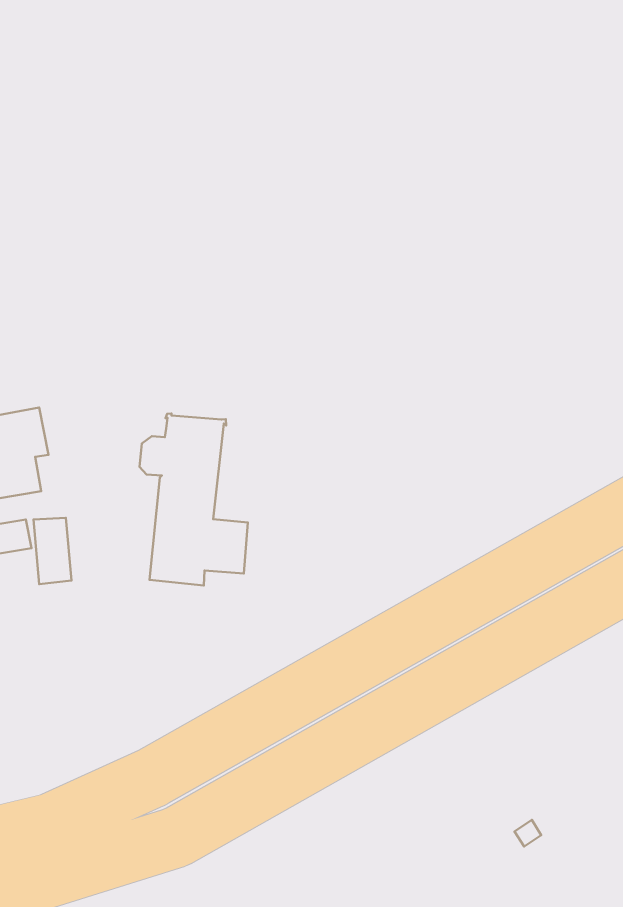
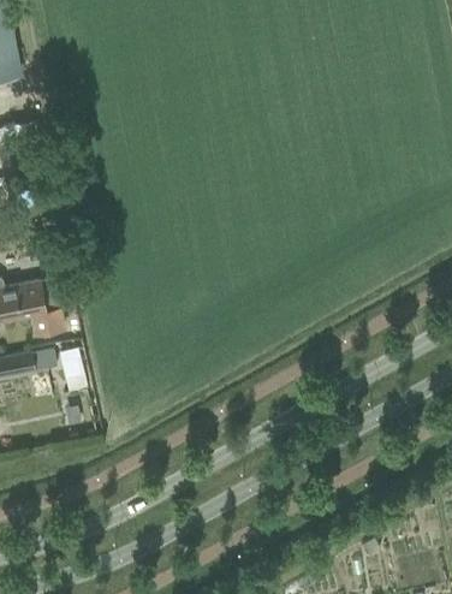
building: [140,413,248,585] -> none

